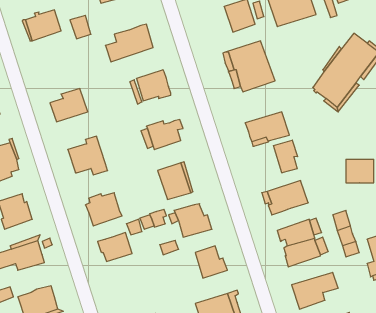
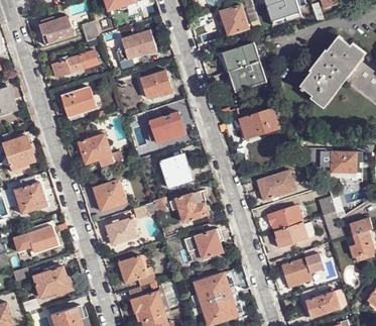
building: none -> [50,50,96,78]
building: [274,140,298,173] -> none
building: none -> [119,256,155,287]

